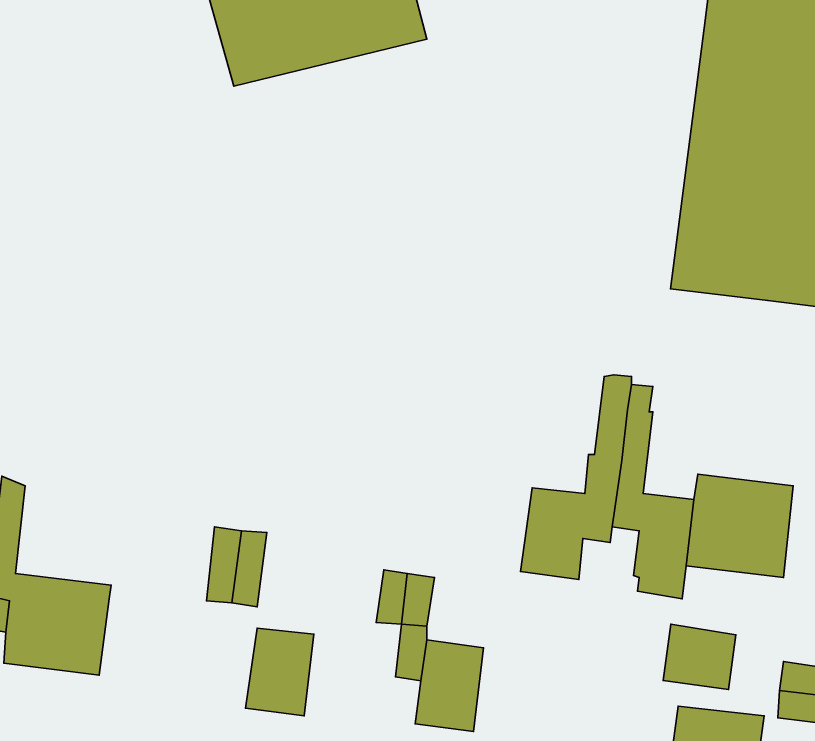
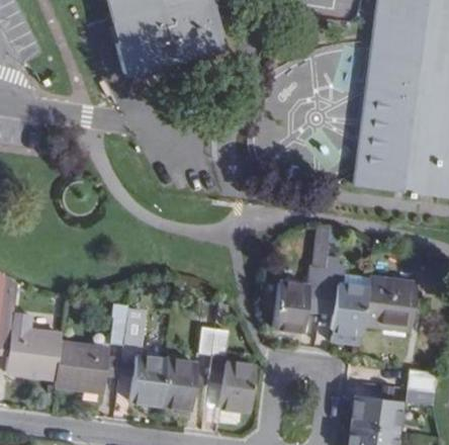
building: none -> [56,342,110,391]
building: [663,624,736,689] -> none
building: none -> [162,360,197,407]

